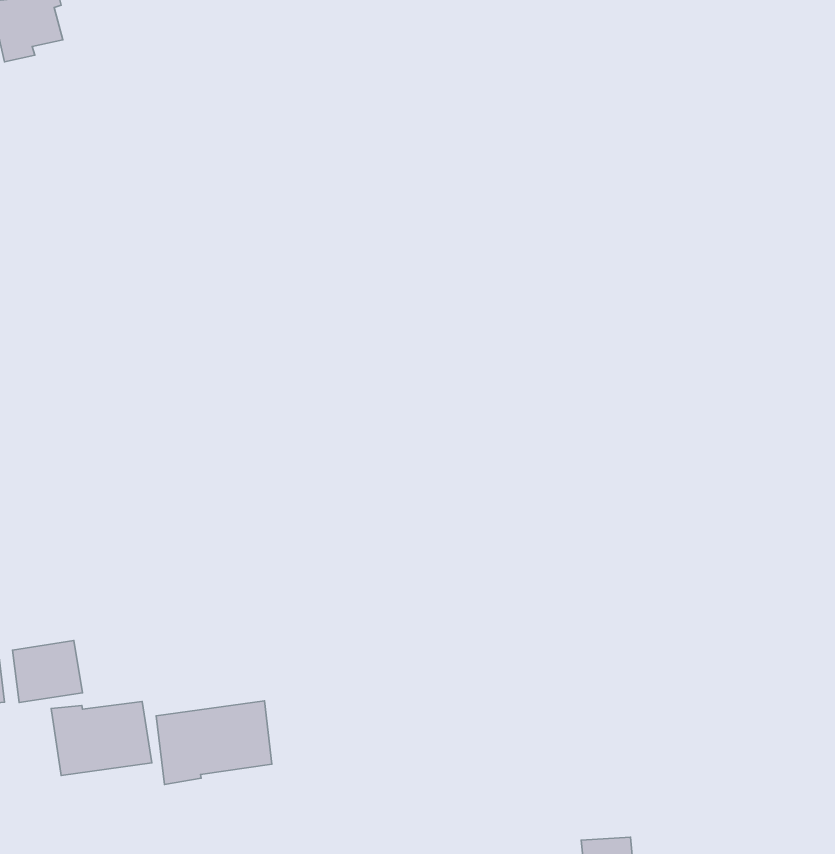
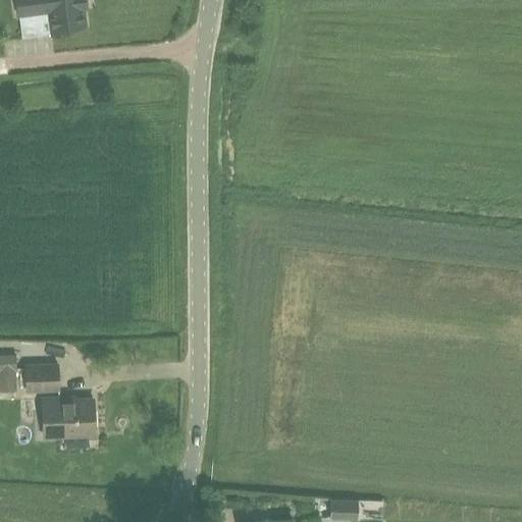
building: [156,701,272,784] -> none

